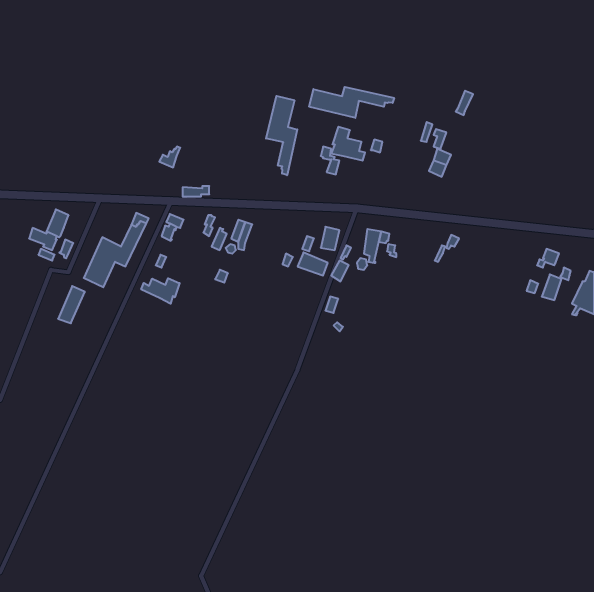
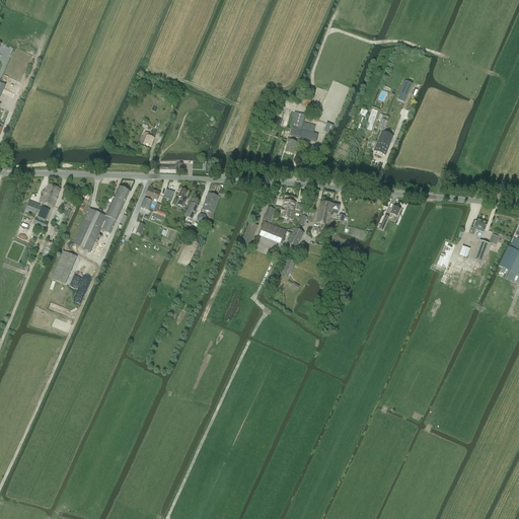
building: [309,87,394,118] -> none
building: [266,96,297,175] -> none
building: [141,278,180,304] -> none

